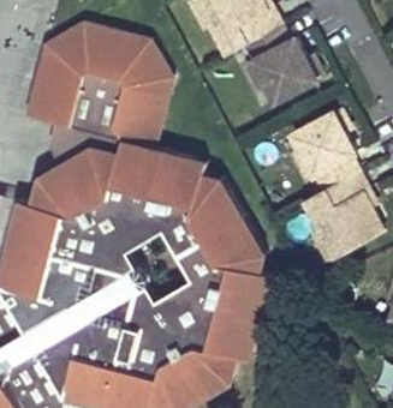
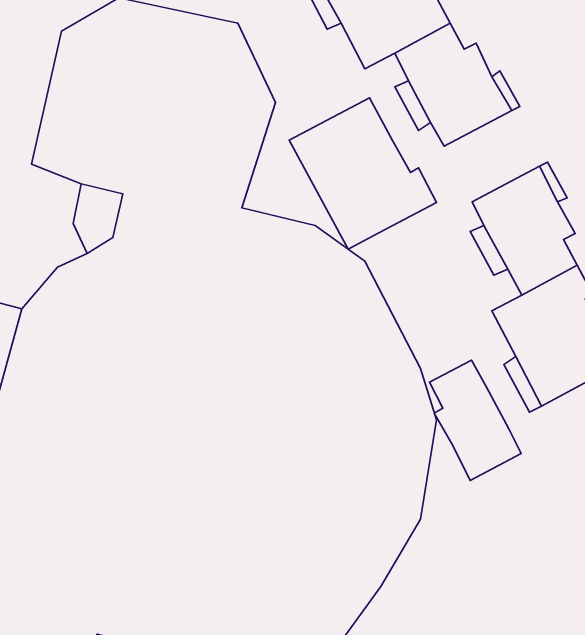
building: none -> [289,98,437,249]
building: none -> [429,360,521,480]

